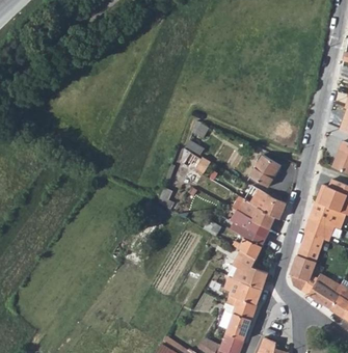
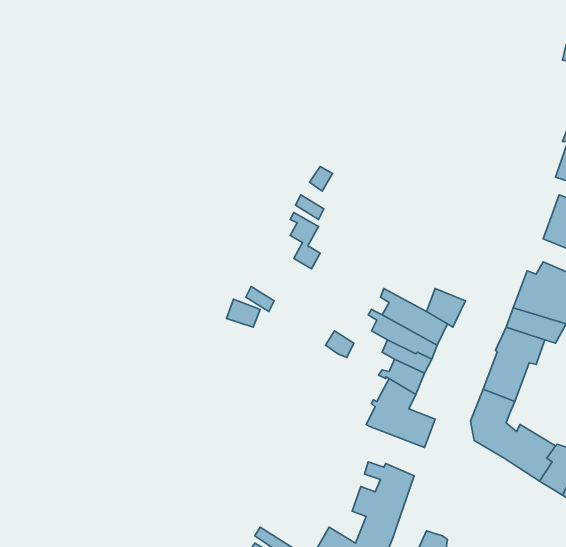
building: [249,155,280,187] -> none
building: [224,275,262,305] -> none

